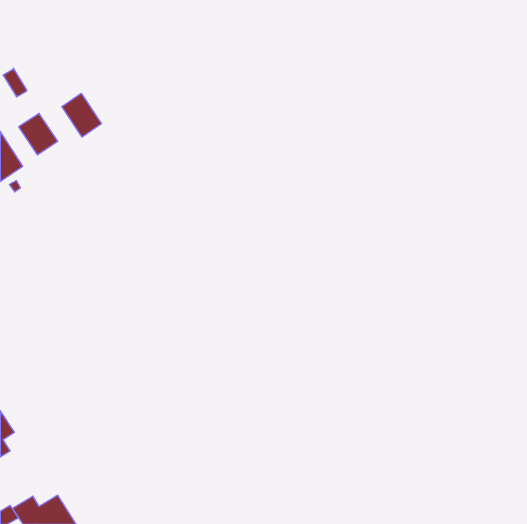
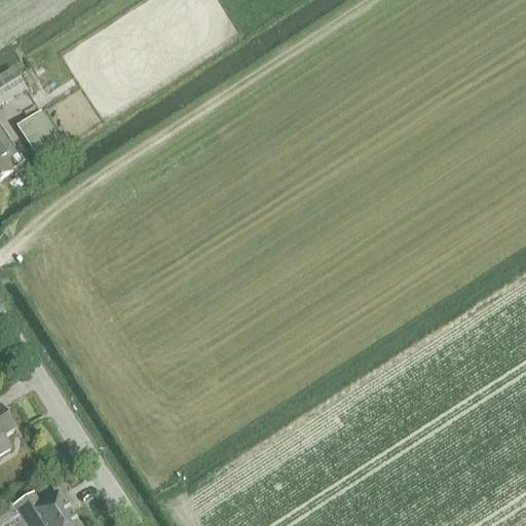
building: [62,93,101,137] -> none

